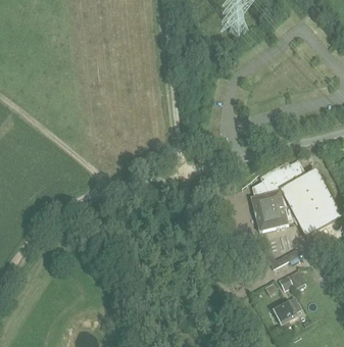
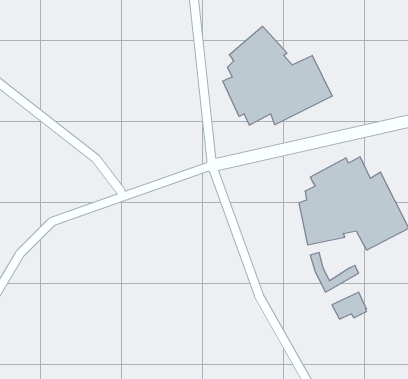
building: none -> [223,26,332,125]
building: [273,297,301,328] -> none

